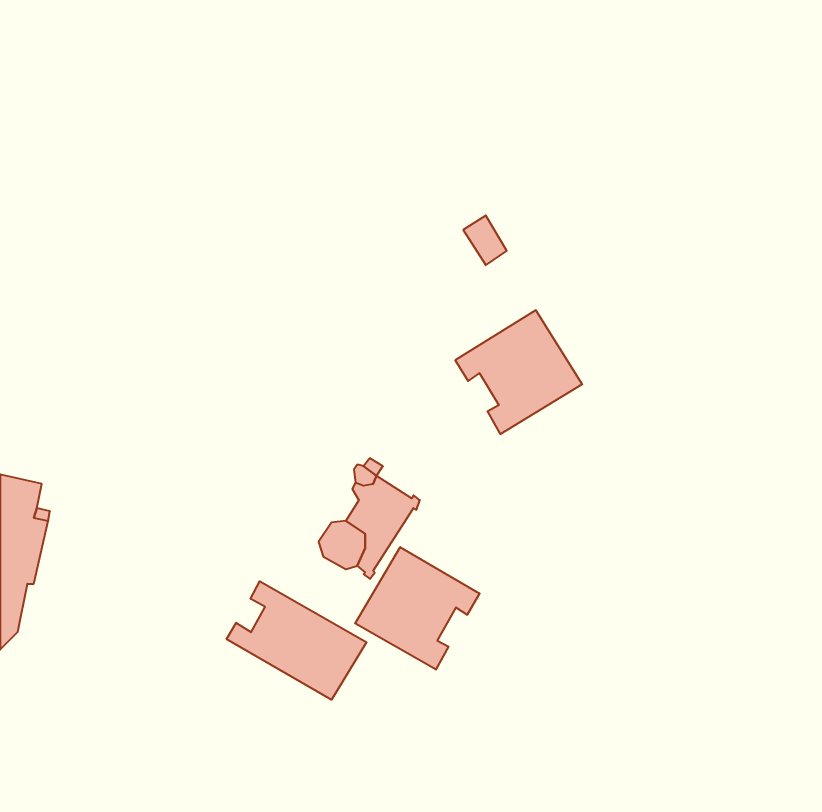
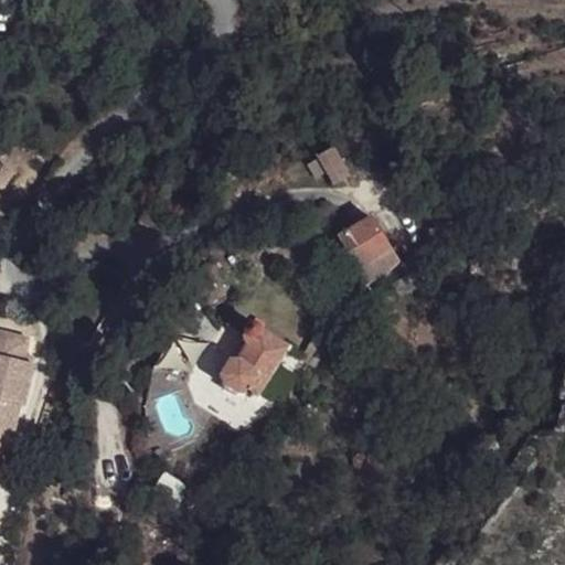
building: [355,547,480,670] -> none
building: [227,581,367,700] -> none

